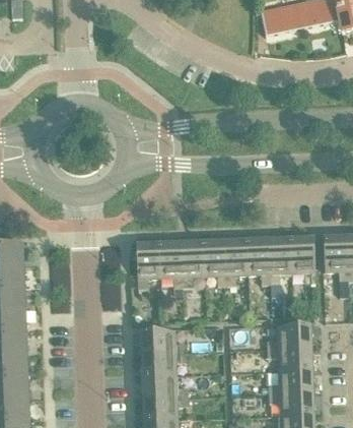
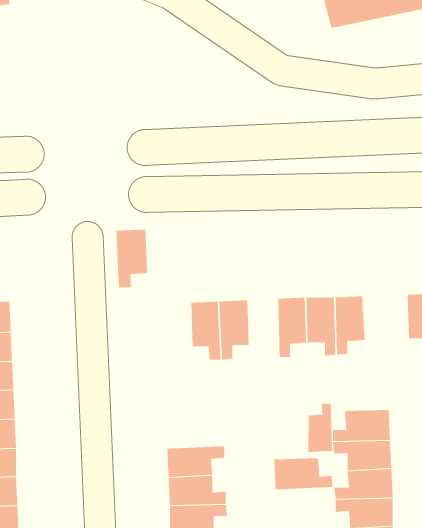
building: [290,237,315,282] -> none
building: [203,240,226,285] -> none
building: [136,243,160,288] -> [116,229,148,288]
building: none -> [308,403,332,453]
building: [140,329,186,354] -> [273,458,333,490]

